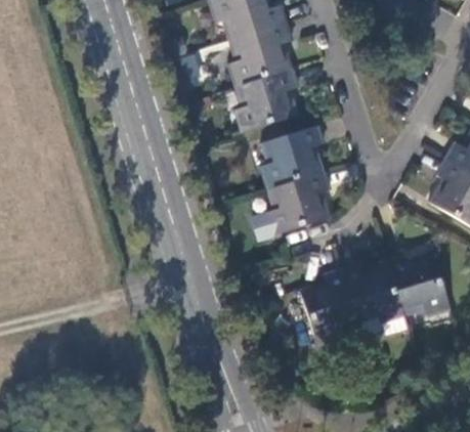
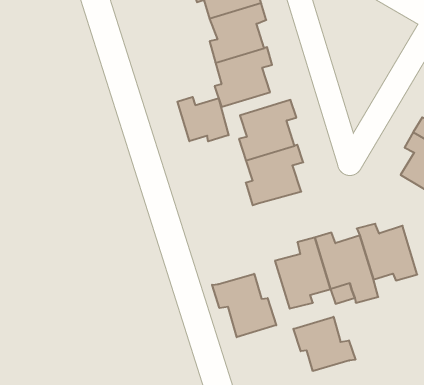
building: none -> [177,97,229,141]
building: none -> [212,274,276,337]
building: none -> [293,317,355,371]

